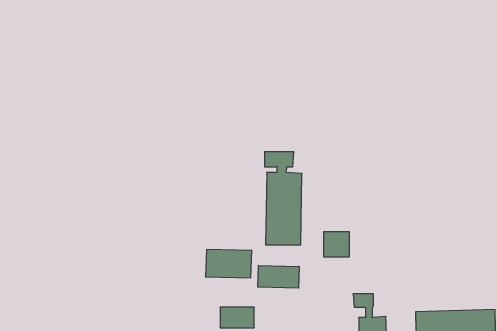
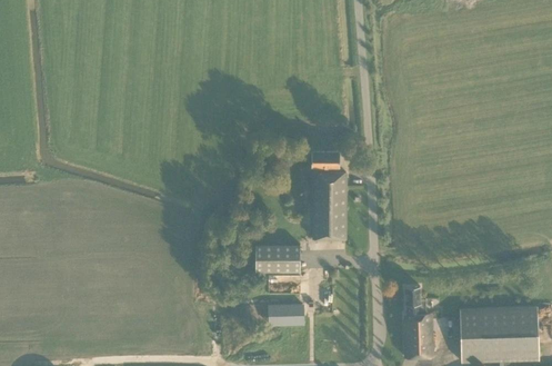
building: [324,232,349,257] -> none
building: [258,265,299,288] -> none

